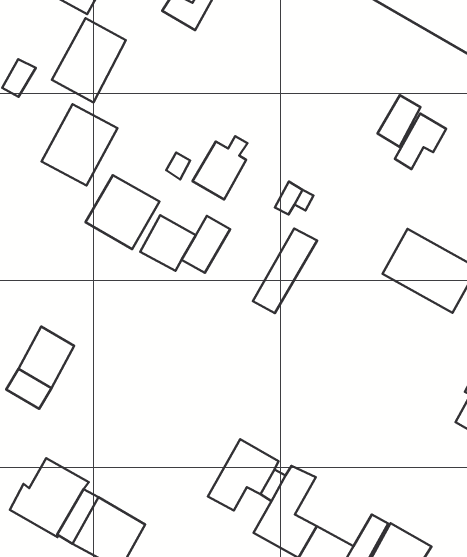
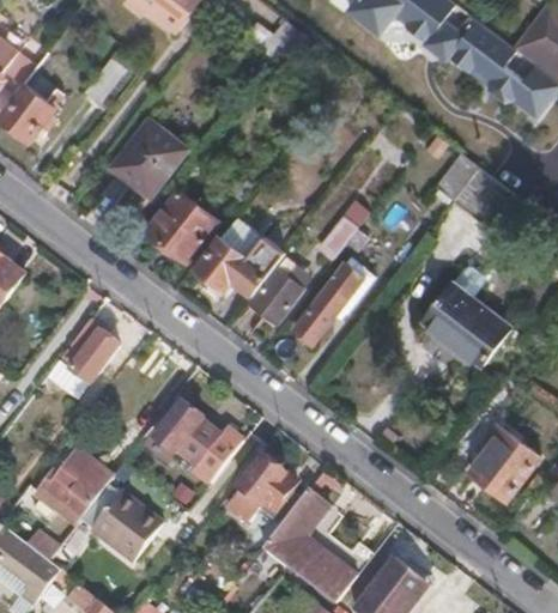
building: [52,18,126,102] -> none
building: [192,136,247,199] -> [250,265,308,323]
building: none -> [156,401,224,462]

